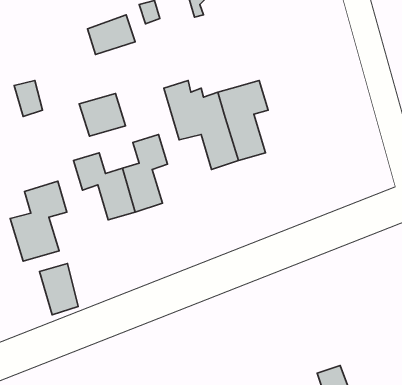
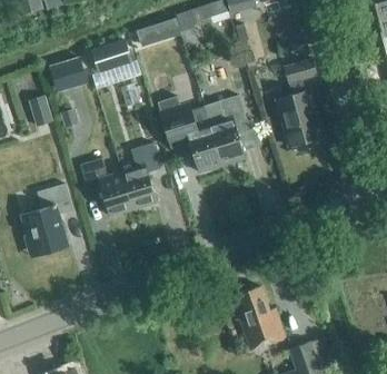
building: none -> [278,60,321,146]
building: [79,94,126,136] -> [50,58,90,95]
building: [39,264,78,315] -> none
building: none -> [232,286,286,351]

